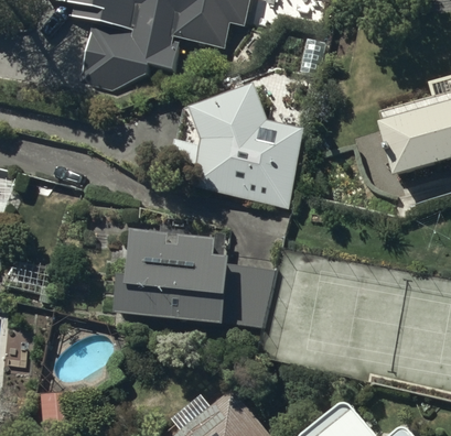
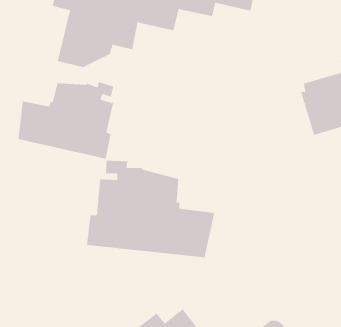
building: [169,84,303,208] -> none
building: none -> [17,81,114,160]

